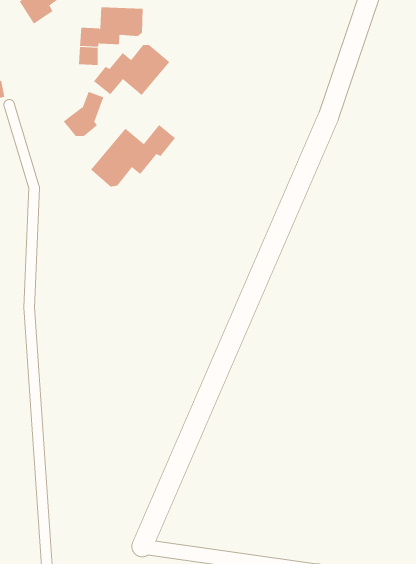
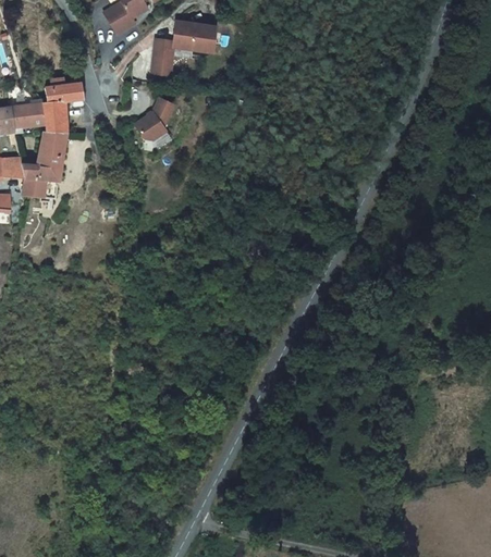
building: [93,44,170,96] -> none
building: [90,124,176,187] -> none

